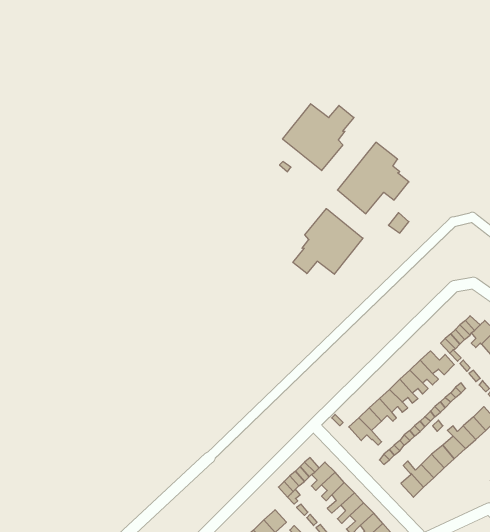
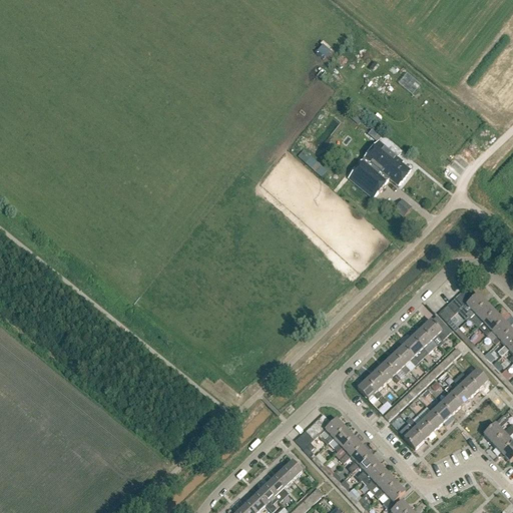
building: [283,104,354,171] -> none
building: [293,209,363,274] -> none

